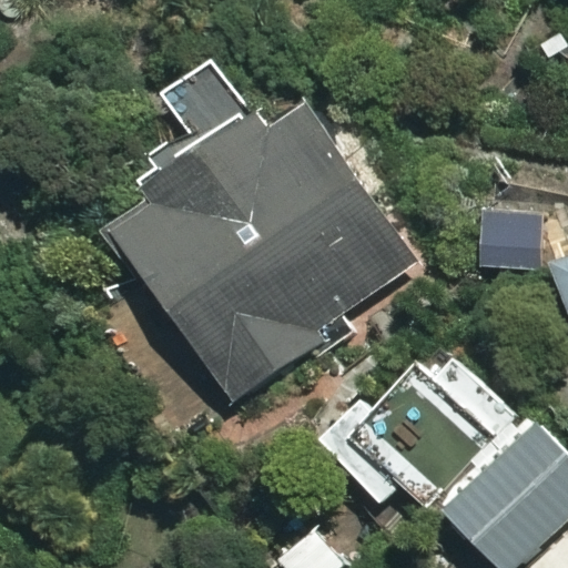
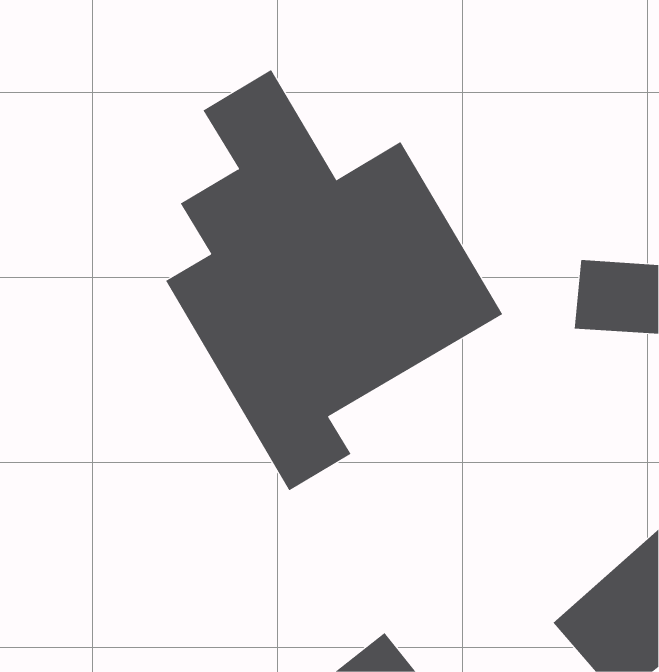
building: [311,348,521,516] -> none

